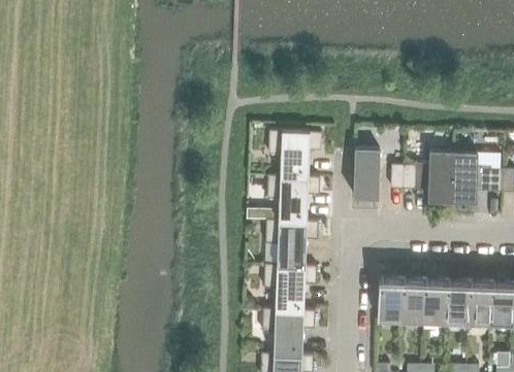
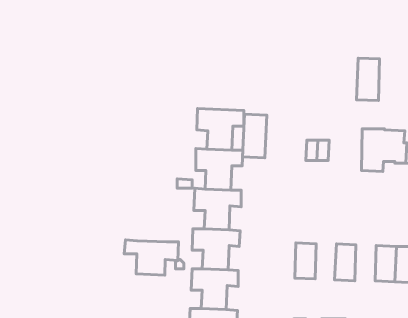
building: [353,150,380,199] -> [243,114,267,158]
building: [427,154,453,201] -> [356,58,380,101]
building: none -> [124,240,178,275]
building: [400,282,424,323] -> none
building: [445,283,469,324] -> none

